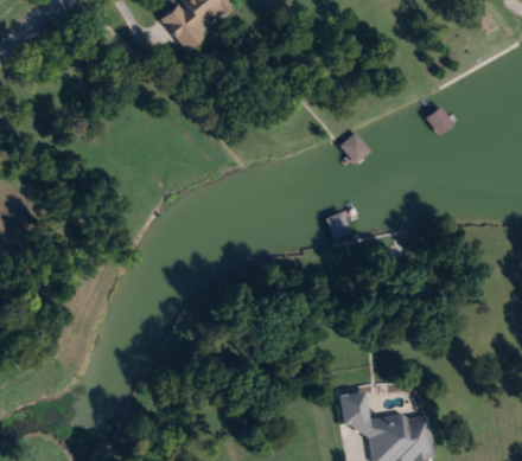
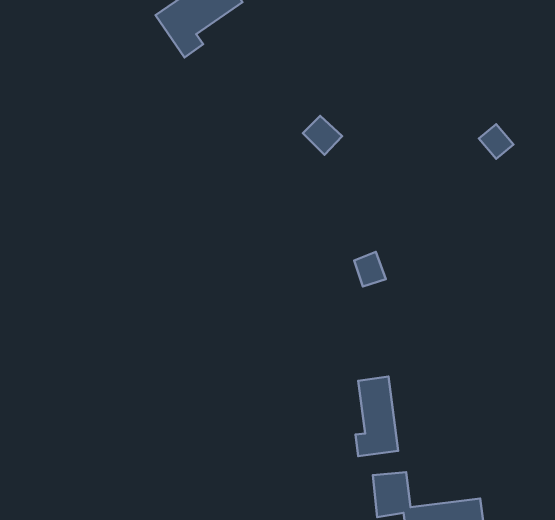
building: [338,132,370,164] -> [303,116,342,155]
building: none -> [355,377,398,456]

